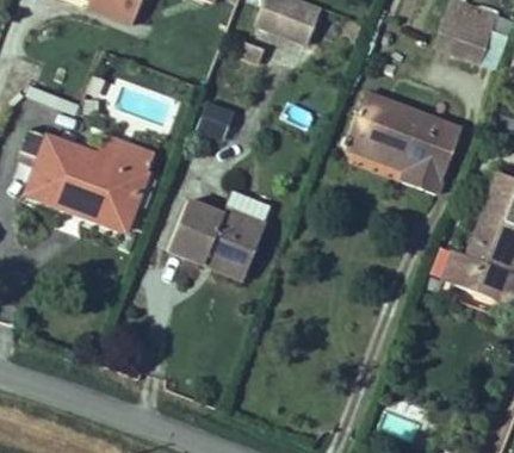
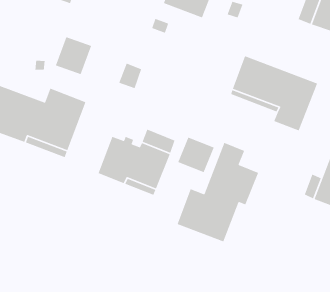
building: none -> [55,36,92,75]
building: none -> [177,136,215,173]
building: none -> [177,142,259,242]

